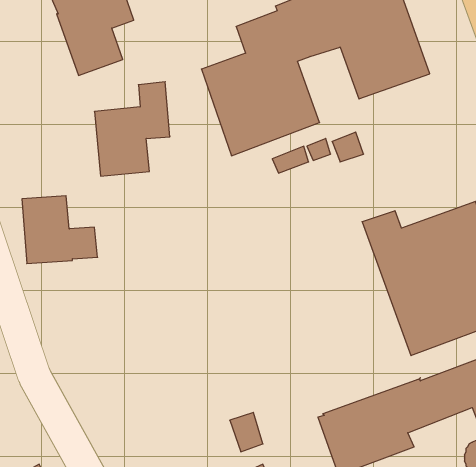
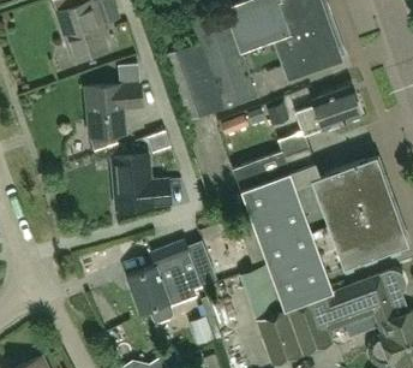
building: none -> [295,87,360,136]
building: none -> [233,147,333,317]
building: [22,196,98,264] -> [114,155,172,207]
building: none -> [127,241,217,324]

